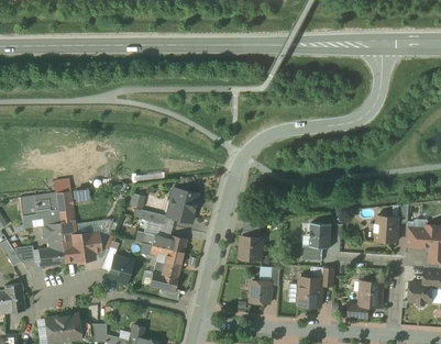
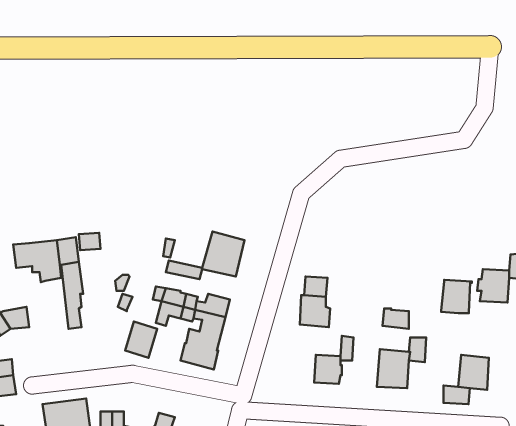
building: [38,223,65,266] -> none
building: [309,223,332,248] -> [441,280,472,313]
building: [73,233,100,262] -> none

